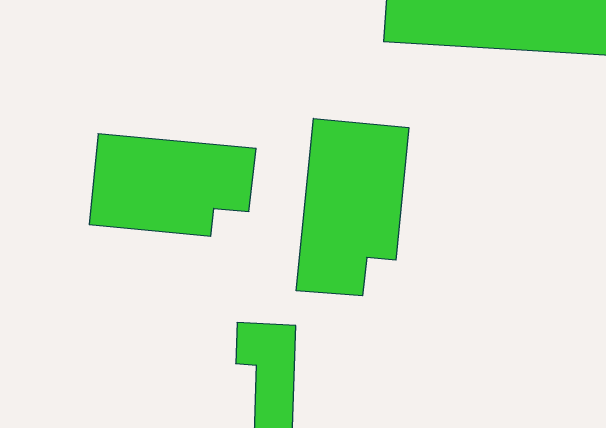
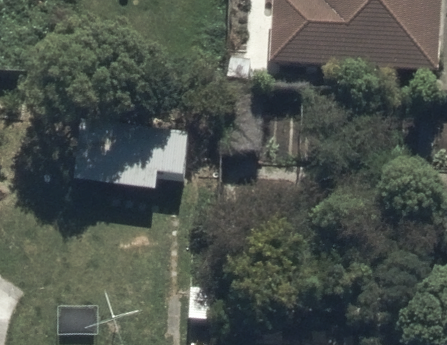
building: [296,118,409,296] -> none

